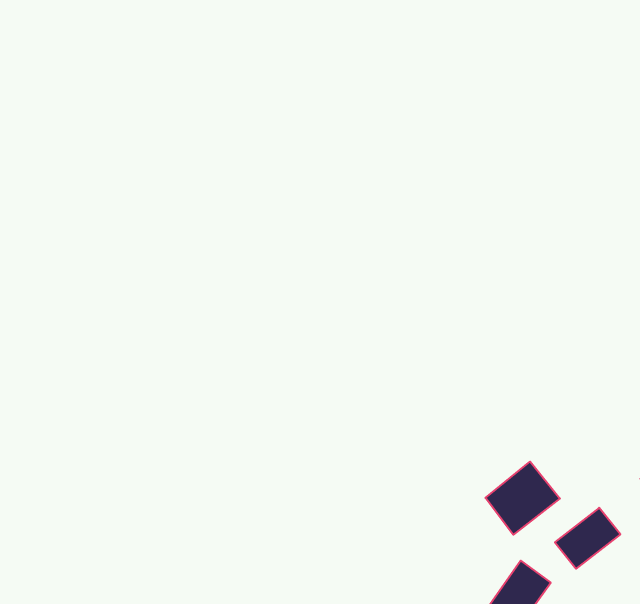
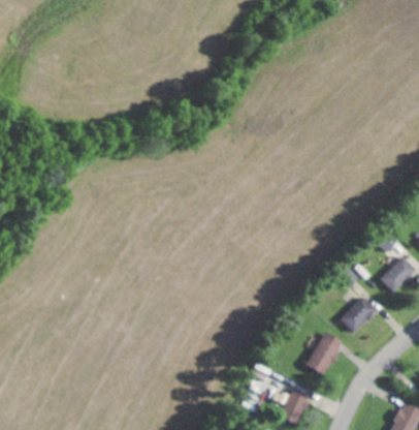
building: [485,462,560,535] -> none

